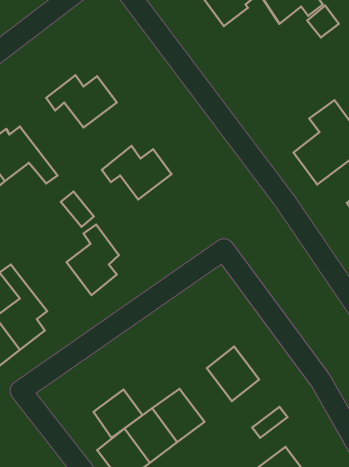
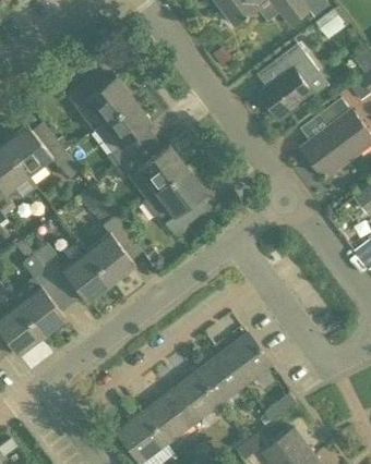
building: none -> [263,45,320,120]
building: none -> [101,100,151,164]
building: none -> [141,169,205,233]
building: none -> [44,253,109,302]
building: none -> [193,354,243,405]
building: [93,389,143,438] -> none

